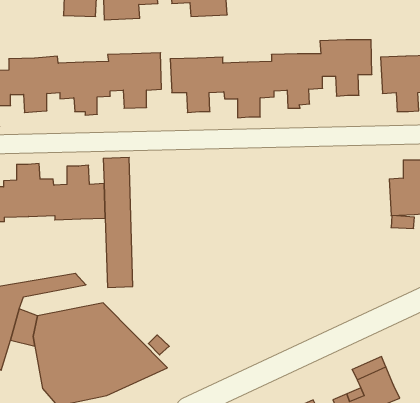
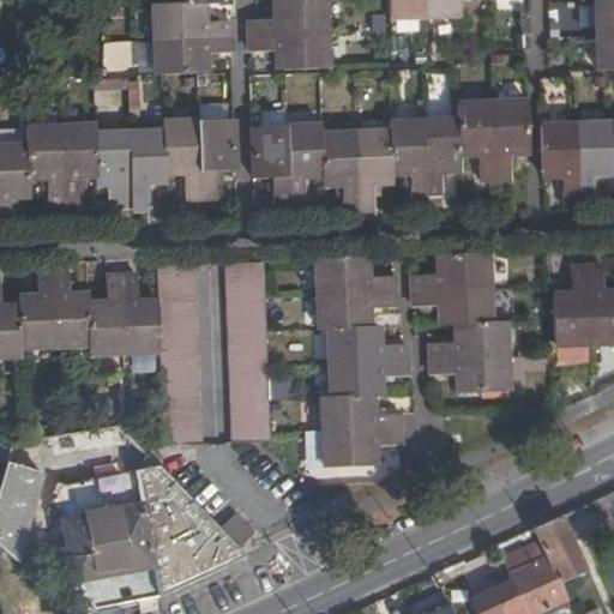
building: none -> [414,252,507,391]
building: none -> [318,255,407,465]
building: none -> [228,260,270,440]
building: none -> [536,514,584,578]

